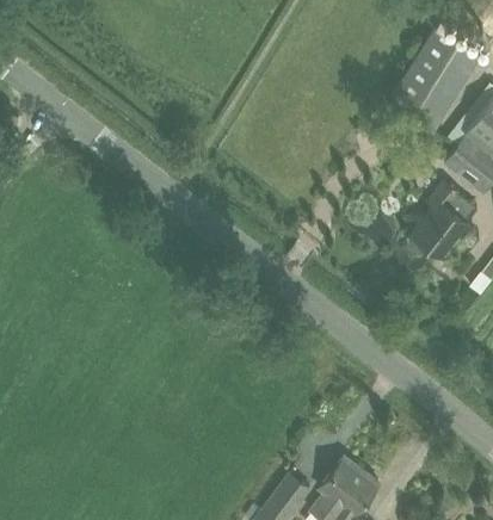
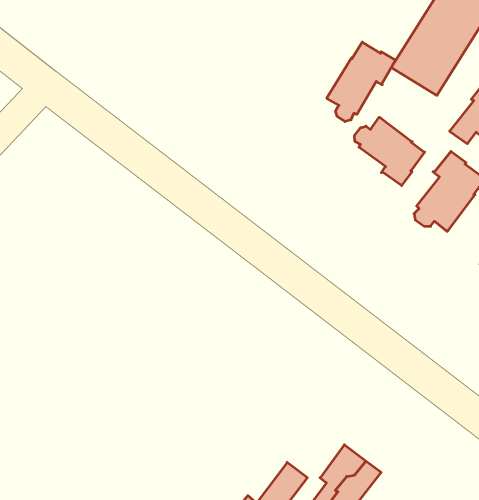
building: none -> [327,42,395,122]
building: none -> [354,117,425,186]

